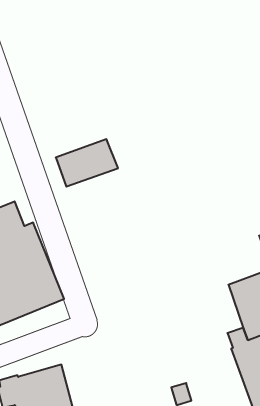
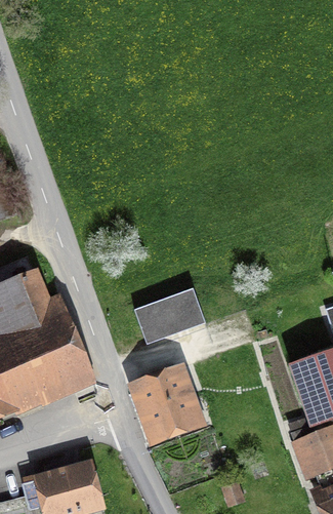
building: [56,139,118,187] -> [133,287,206,343]
building: none -> [126,363,207,447]

